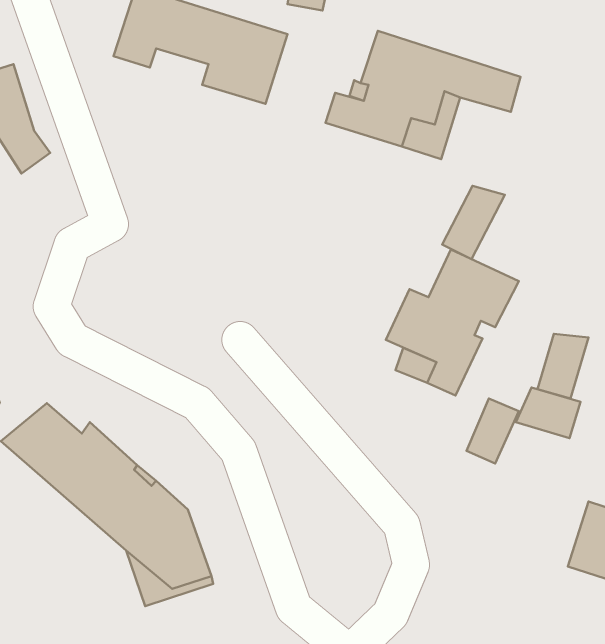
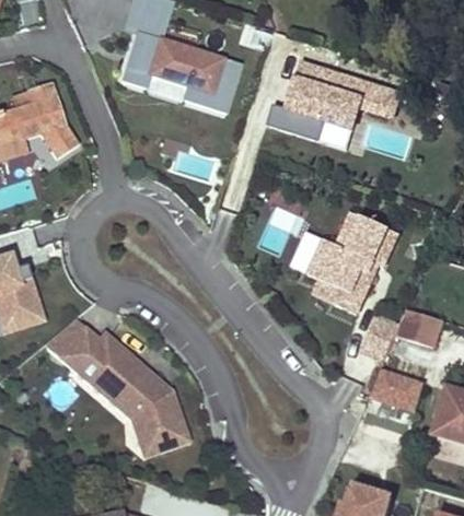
building: [442,186,505,259] -> none
building: [537,334,588,398] -> none
building: none -> [373,366,426,409]

